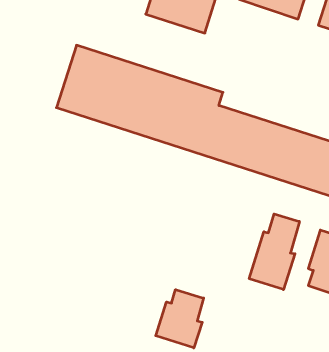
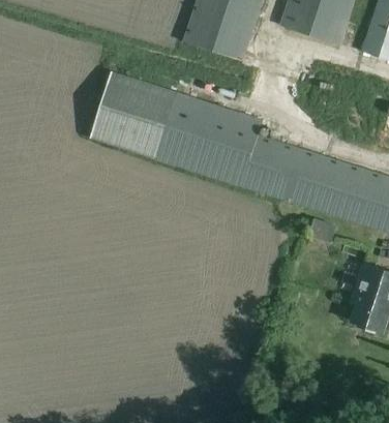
building: [249,214,299,290] -> none
building: [156,290,204,348] -> none

